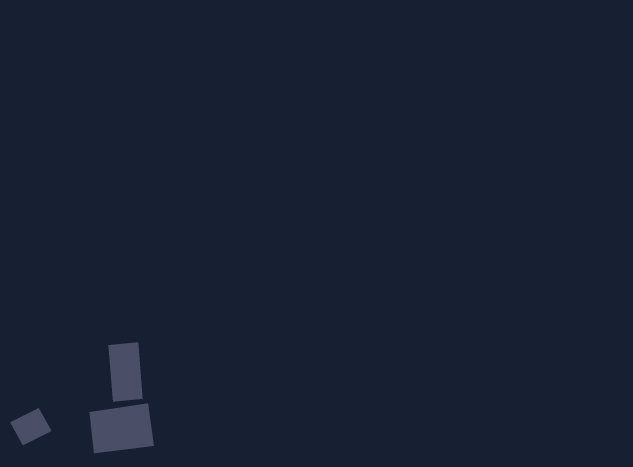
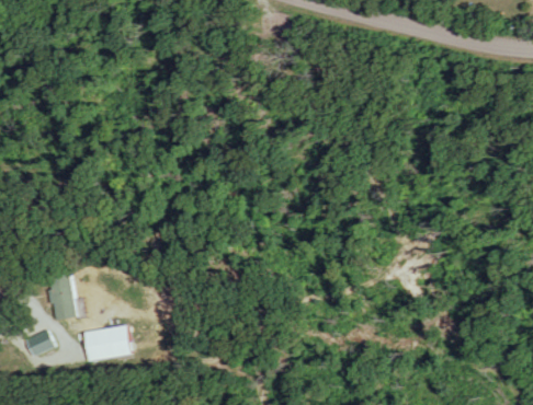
building: [108,342,144,402] -> [49,276,76,320]

